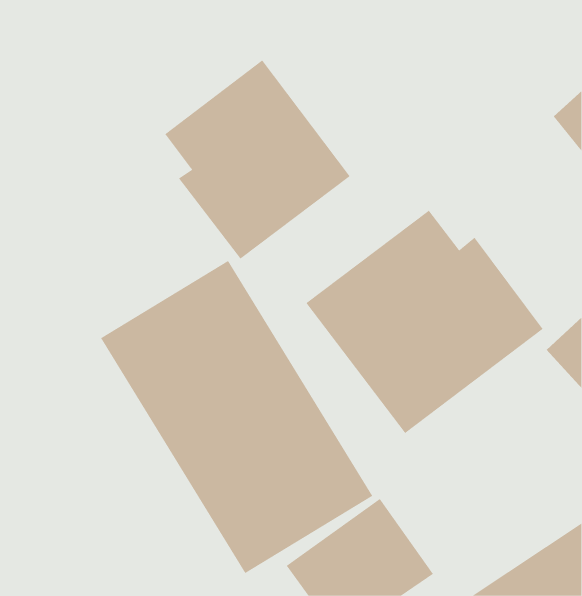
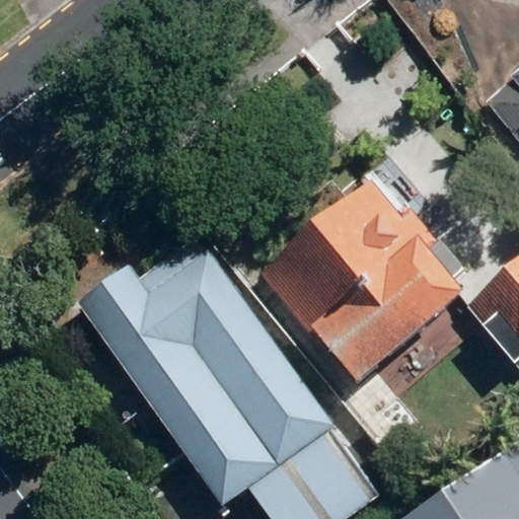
building: [165,60,350,260] -> none

